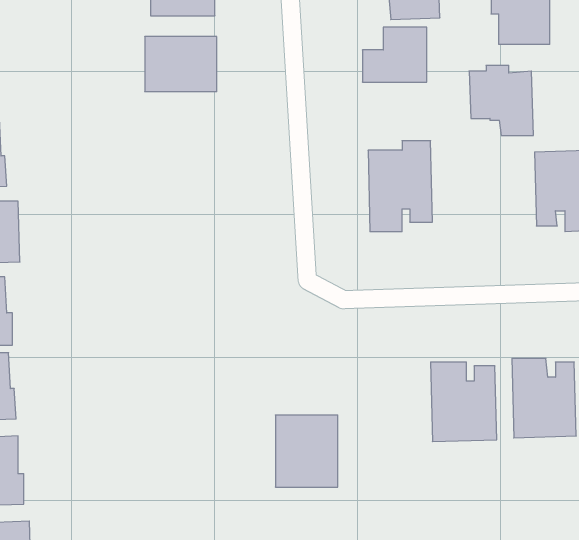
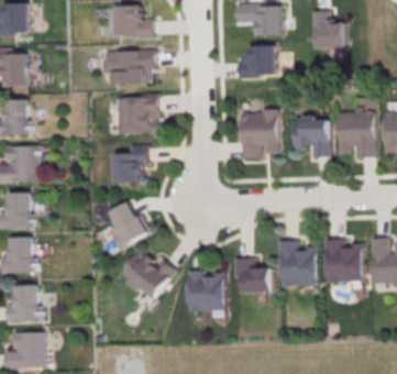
building: [469,65,533,135] -> [294,121,331,162]
building: none -> [114,94,158,133]
building: none -> [113,144,147,182]
building: none -> [104,197,151,250]
building: none -> [119,246,174,300]
building: none -> [234,256,271,293]

